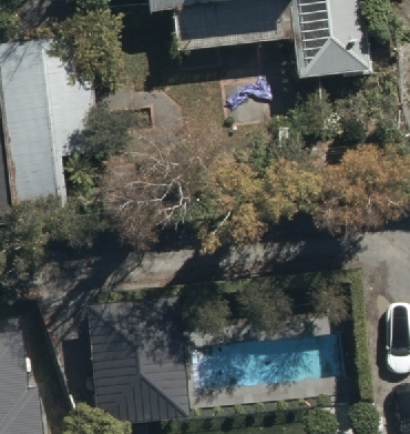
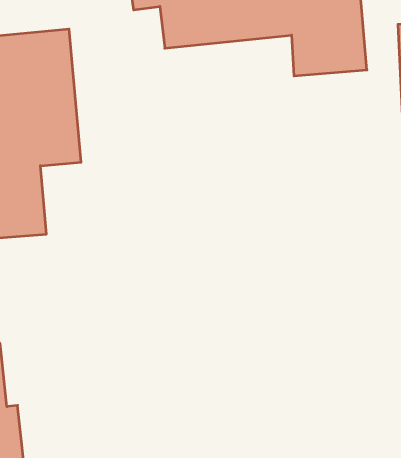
building: [86,295,187,420] -> none

